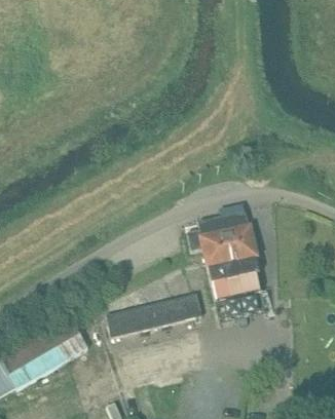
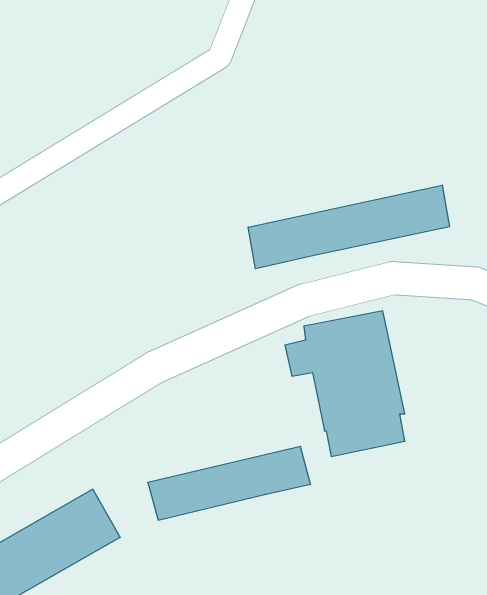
building: none -> [248,185,449,269]

